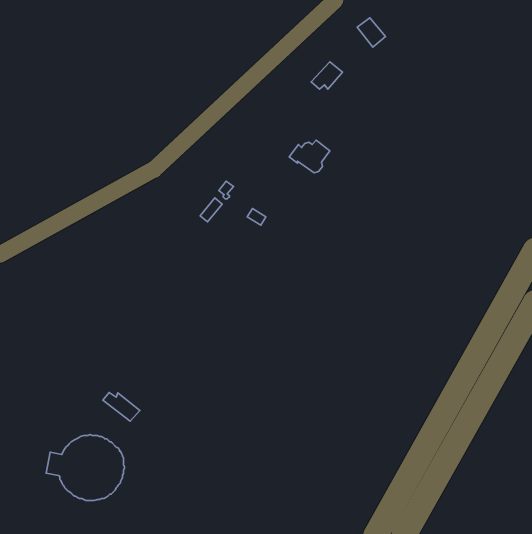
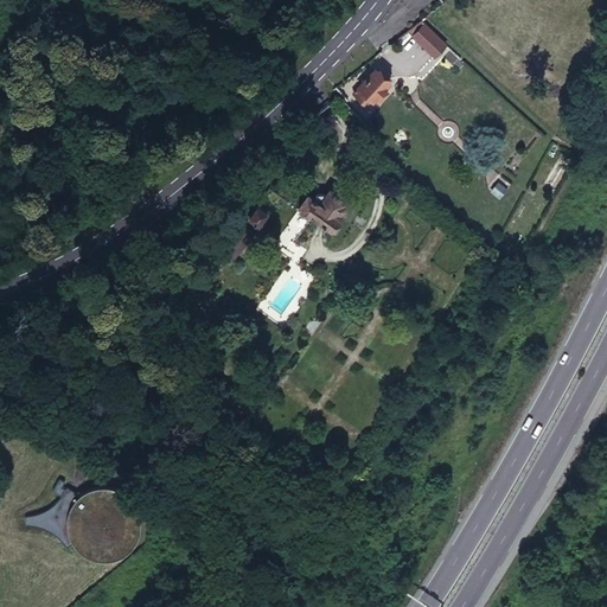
building: [289,140,330,173] -> [302,191,349,228]
building: [103,393,140,421] -> none

